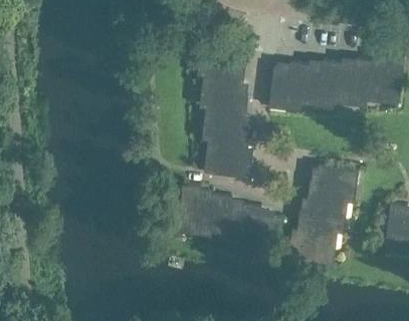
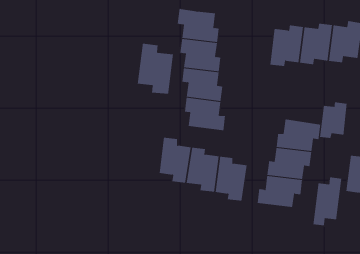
building: [269,60,306,107] -> none
building: none -> [137,43,173,94]
building: none -> [320,101,347,139]
building: none -> [313,176,342,226]

